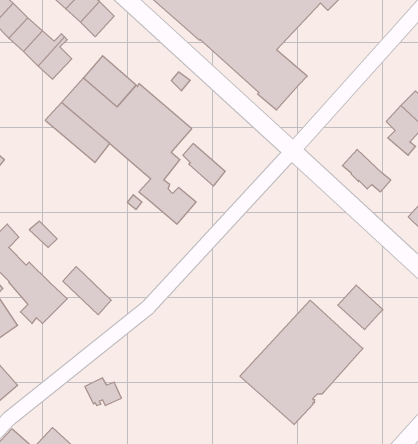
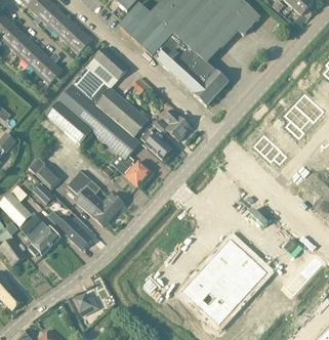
building: none -> [85,47,128,89]
building: none -> [153,110,191,140]
building: none -> [30,157,61,187]
building: none -> [65,170,123,225]
building: [338,285,383,330] -> none

